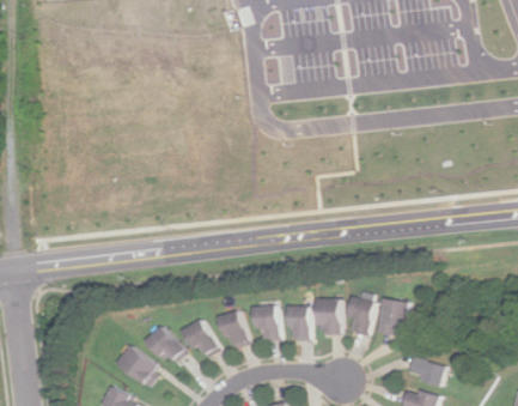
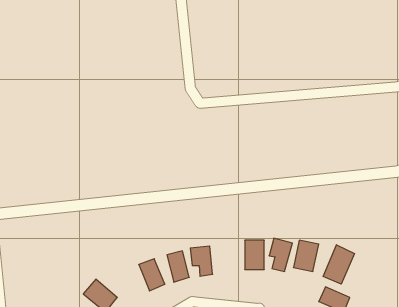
building: none -> [323,245,354,284]
building: [290,304,309,340] -> none
building: [147,326,184,365] -> none

